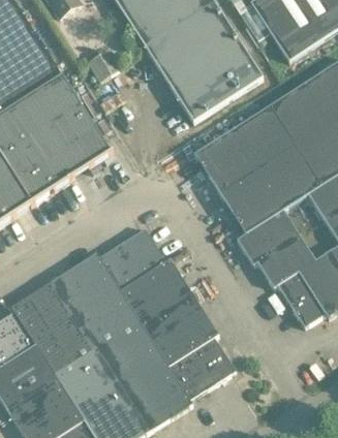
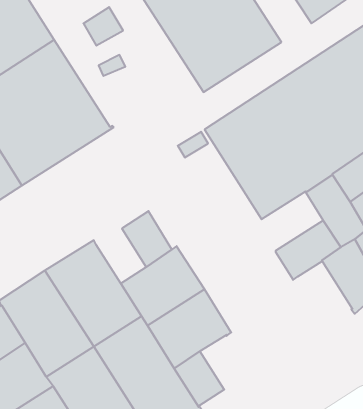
building: [237,209,300,264] -> none
building: [98,242,143,290] -> none
building: [277,271,326,325] -> none
building: [190,336,236,384] -> none

